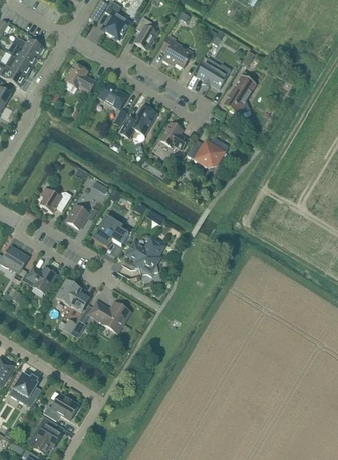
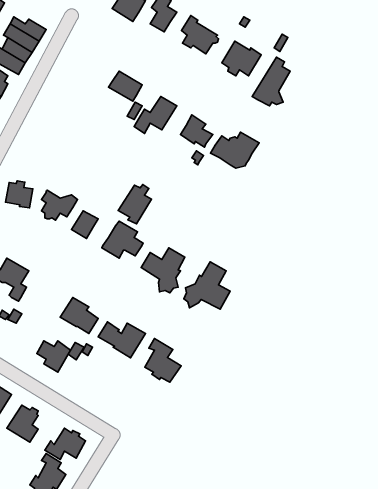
building: [64,64,95,92] -> none
building: none -> [6,181,33,208]
building: none -> [118,185,152,224]
building: none -> [184,262,230,309]
building: [27,266,56,293] -> [37,341,71,372]
building: none -> [145,339,181,382]

